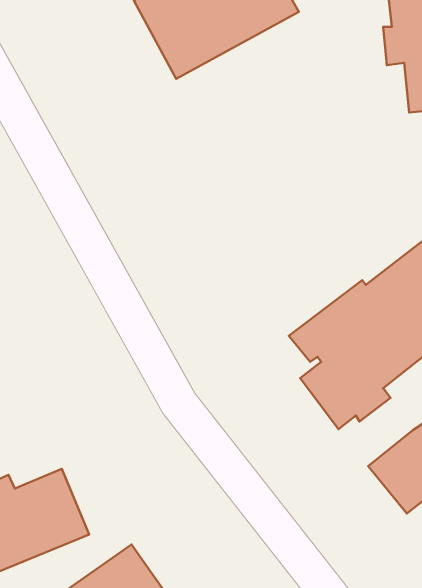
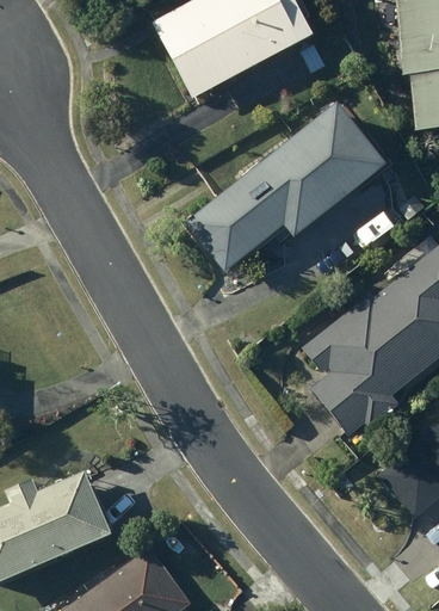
building: none -> [198,103,389,265]

